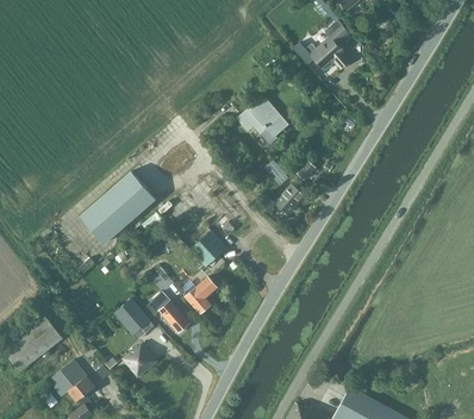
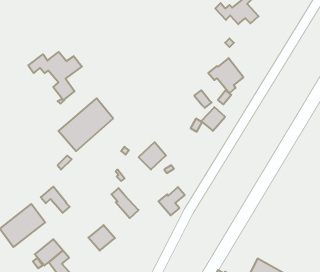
building: [239,99,287,146] -> [208,58,243,93]
building: none -> [28,52,82,104]
building: [182,276,218,314] -> [158,187,185,215]
building: [114,299,154,334] -> [41,187,70,213]

